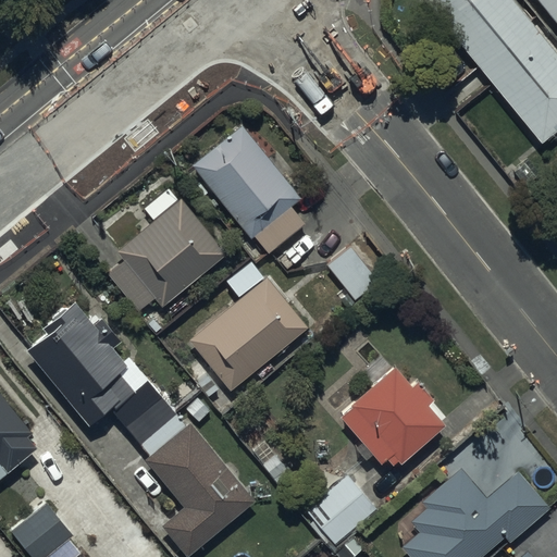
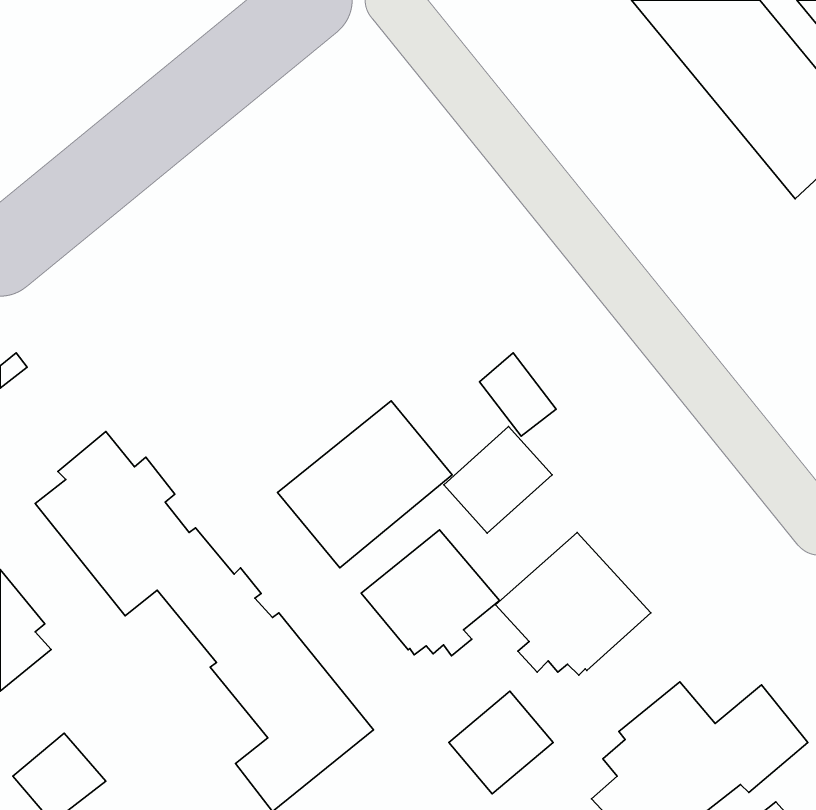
building: [193,126,306,253] -> none
building: [106,190,227,311] -> none
building: none -> [444,427,552,533]
building: none -> [361,530,499,656]

